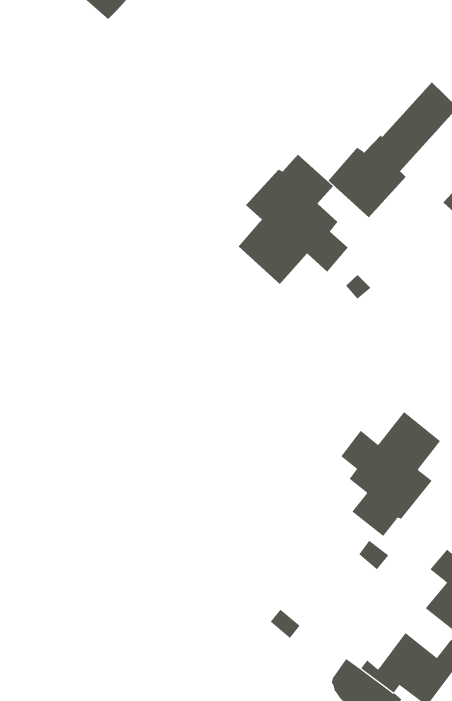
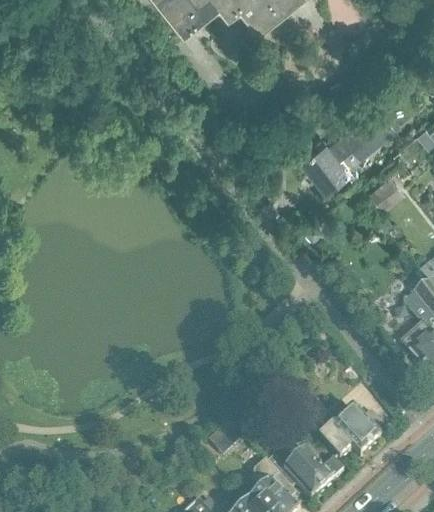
building: [238,154,348,285] -> none
building: [341,411,441,537] -> none

